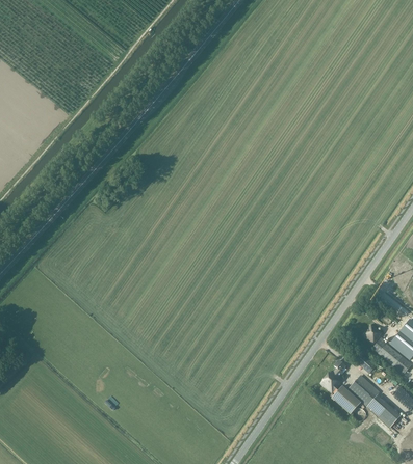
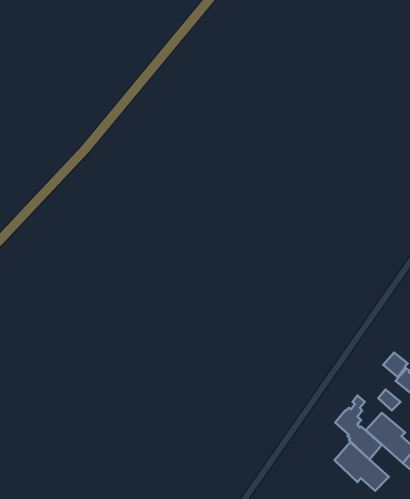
building: none -> [335,442,389,491]

